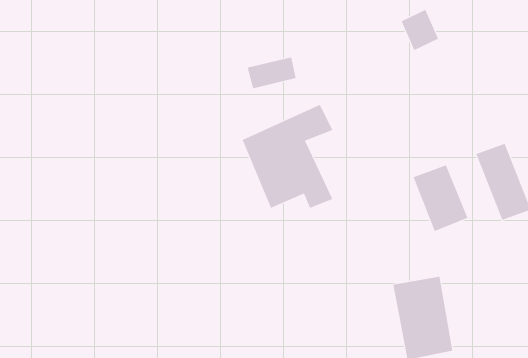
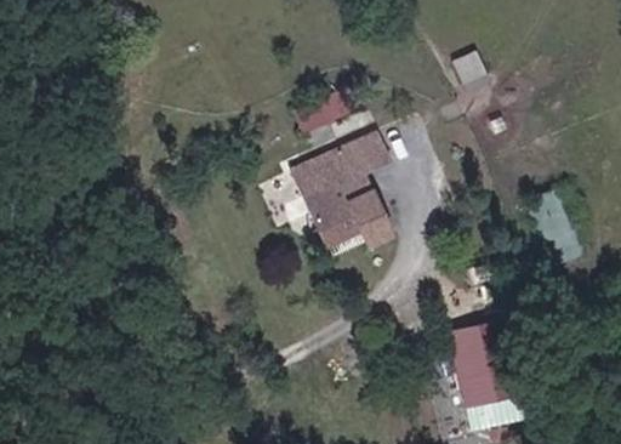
building: [413,164,468,232] -> none

